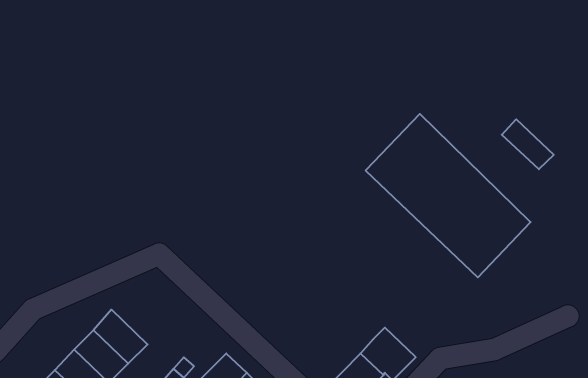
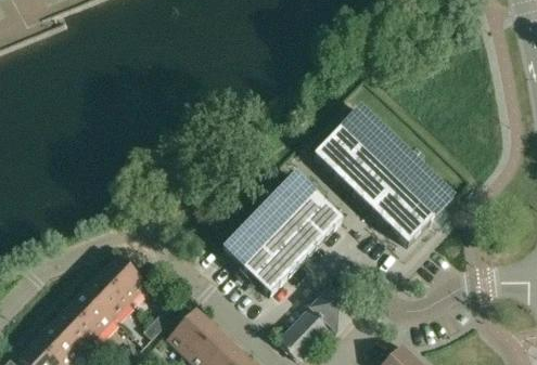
building: [502,119,554,169] -> none
building: none -> [222,173,343,294]
building: none -> [100,253,146,300]

